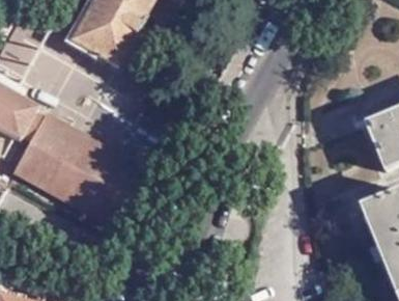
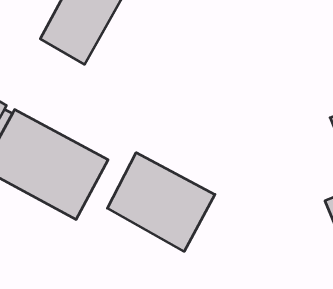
building: none -> [107,153,215,251]

